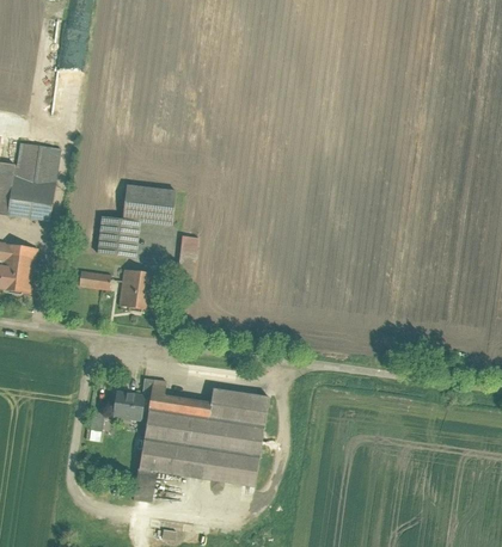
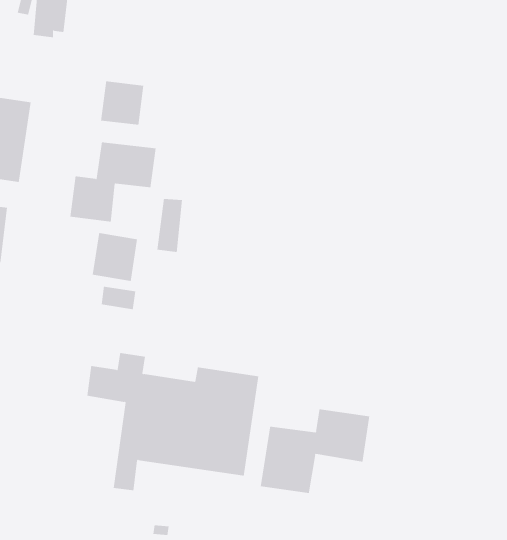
building: none -> [100,81,144,126]
building: [78,266,110,288] -> [101,286,136,310]
building: none -> [260,408,370,494]

